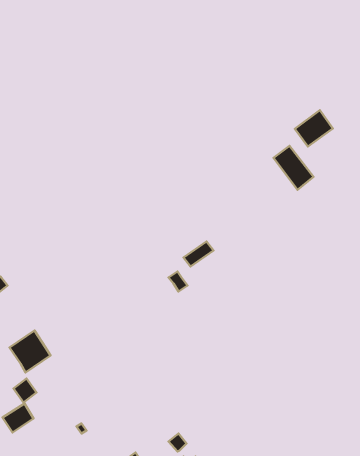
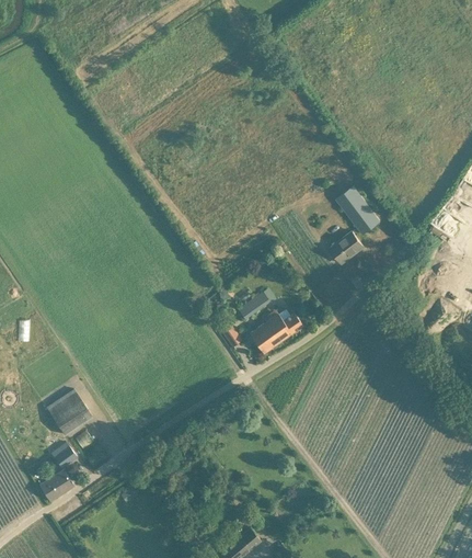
building: [295,110,333,146] -> none
building: none -> [329,231,362,263]
building: none -> [249,309,302,353]

